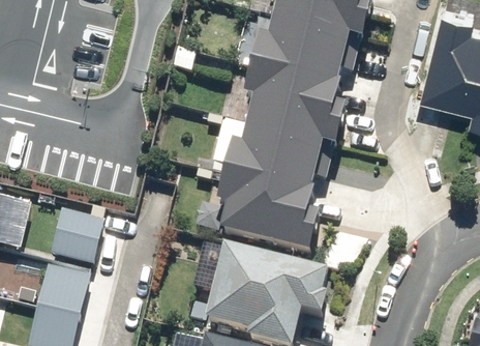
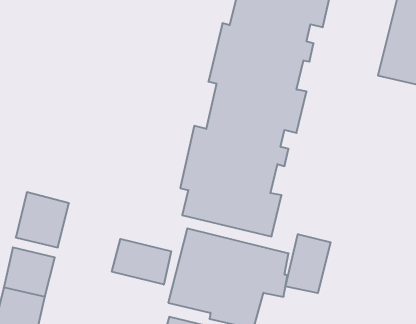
building: none -> [286,234,331,293]
building: none -> [112,239,171,285]

